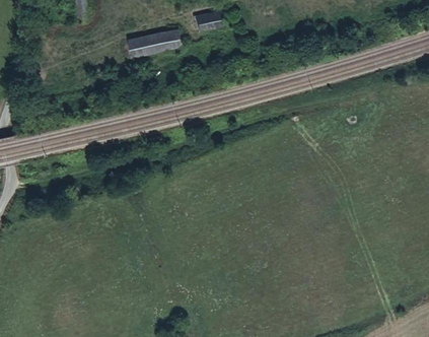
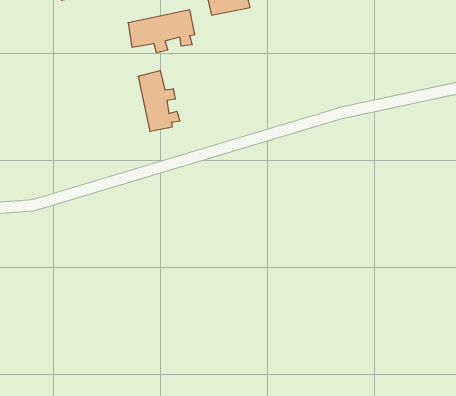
building: none -> [138,70,180,132]

